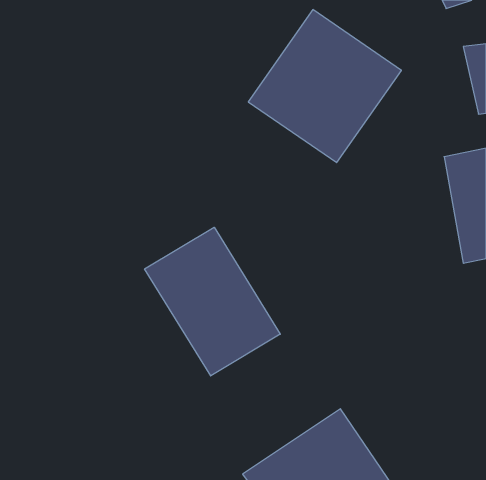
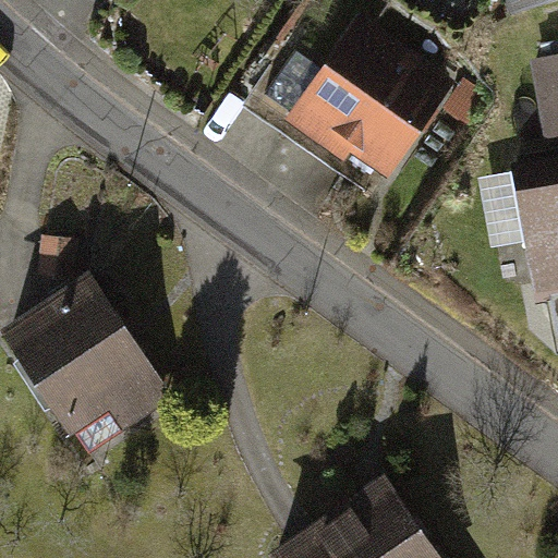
building: [145,227,280,376] -> none
building: none -> [7,268,173,433]

